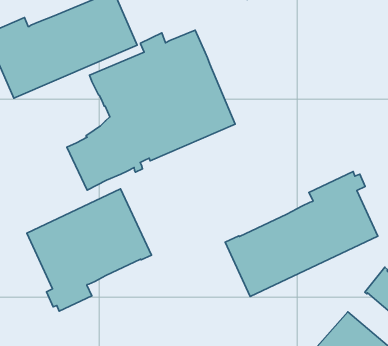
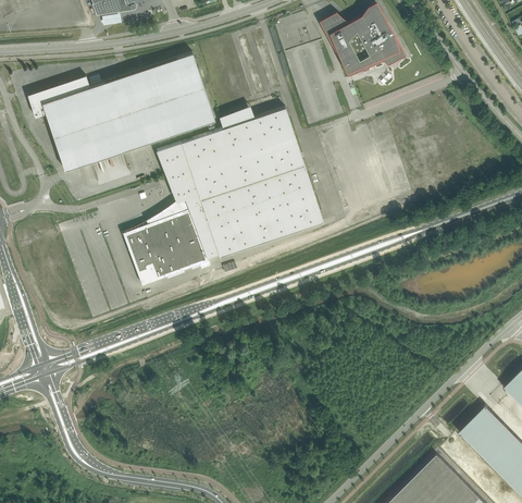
building: [225,172,378,296] -> none
building: [27,189,151,311] -> none

